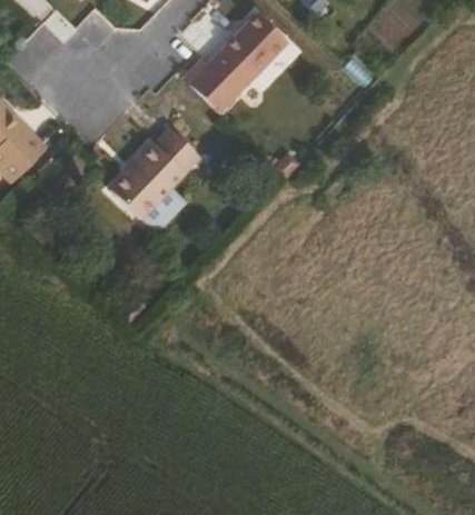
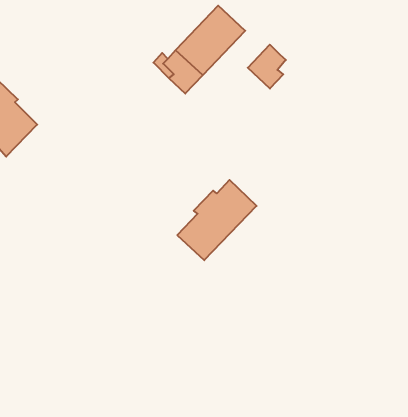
building: none -> [248,45,286,89]
building: [110,128,201,220] -> [177,180,257,260]

